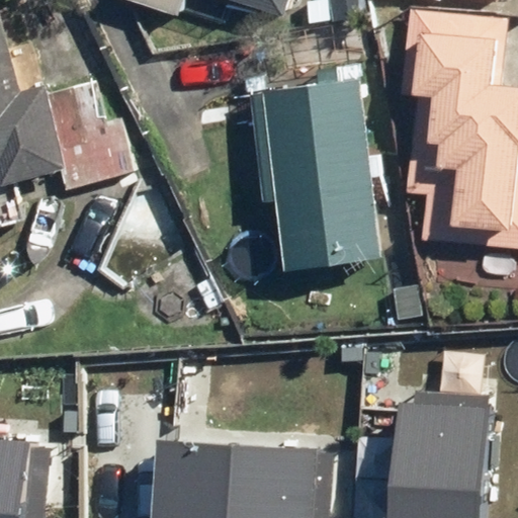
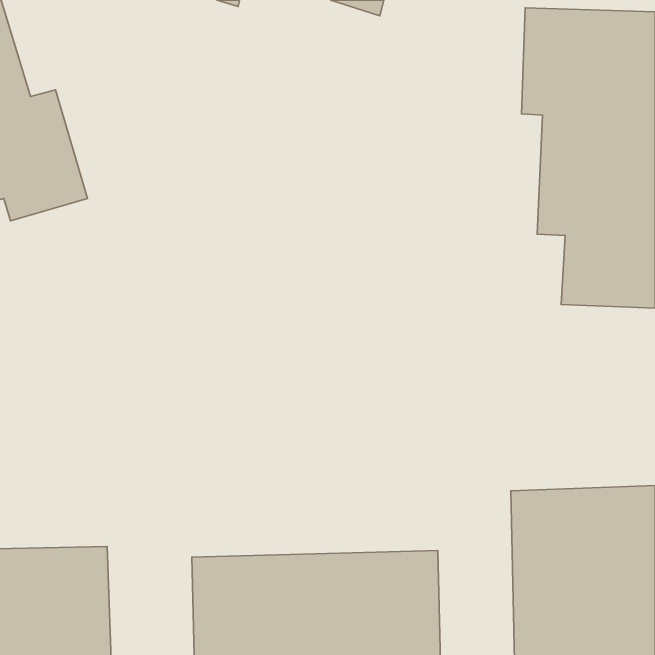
building: [258,82,393,265] -> none

